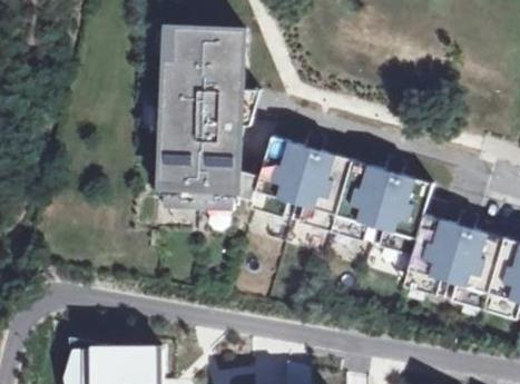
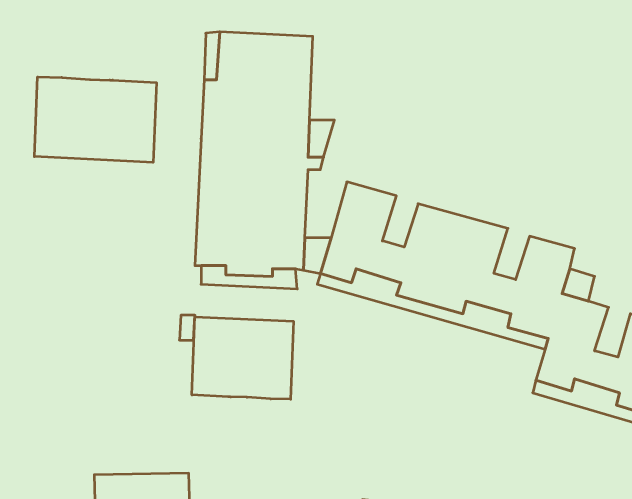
building: none -> [34,77,156,162]
building: none -> [192,317,293,399]

